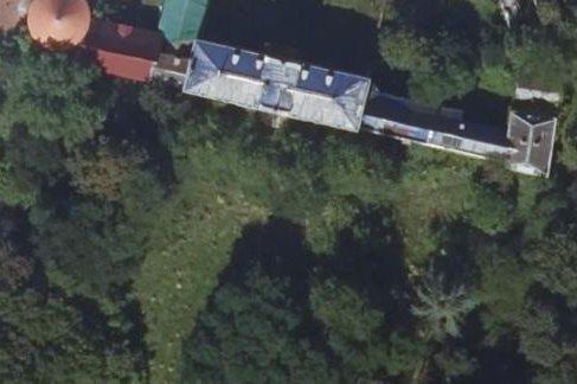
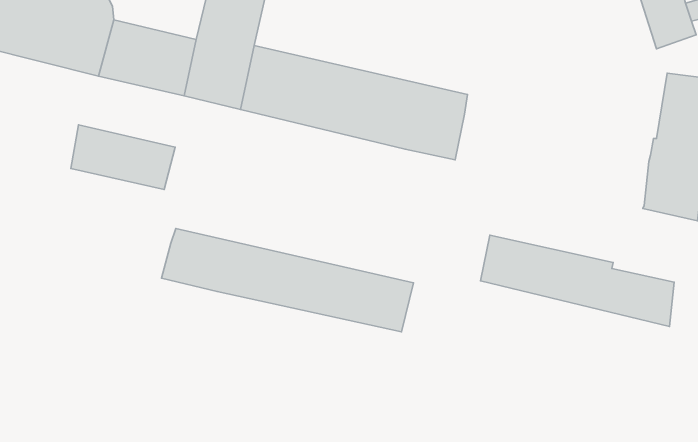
building: [357,92,507,164] -> [481,235,674,326]
building: none -> [71,125,175,190]
building: none -> [161,229,414,332]

